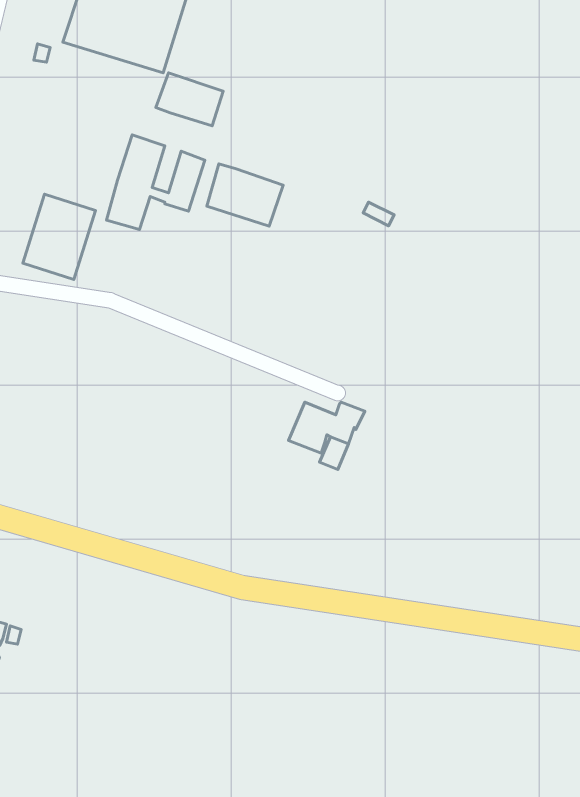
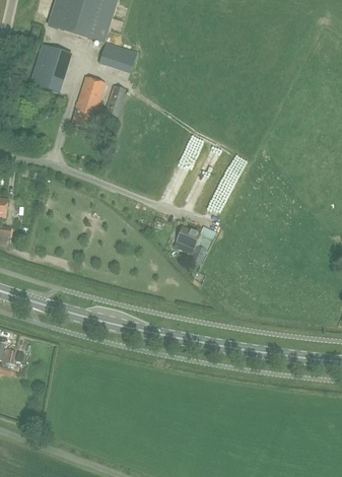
building: [207,164,283,226] -> none
building: [23,194,96,280] -> [29,44,70,91]

